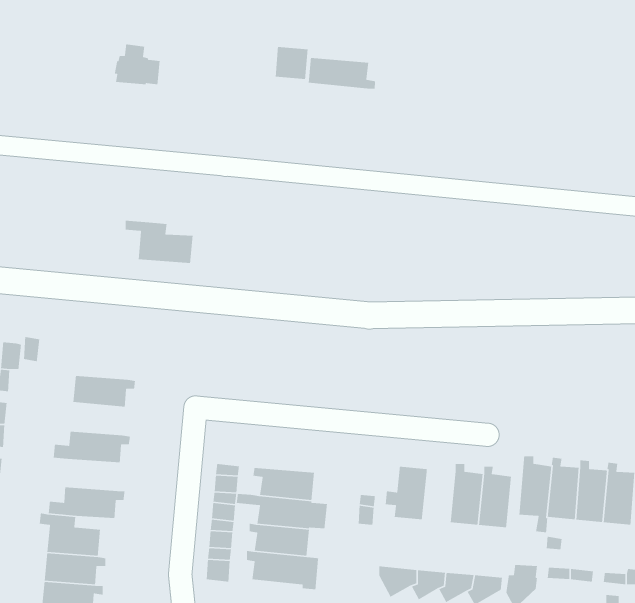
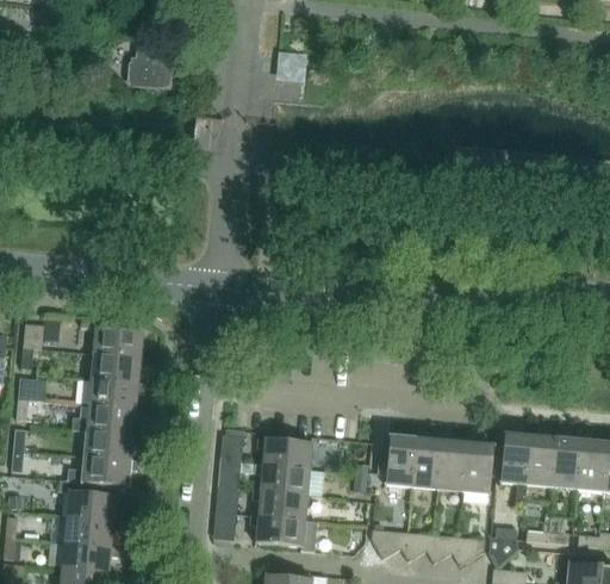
building: [308,57,376,89] -> none
building: [125,220,193,264] -> [80,317,143,358]
building: none -> [87,379,145,409]
building: none -> [82,431,141,460]
building: none -> [411,433,441,490]

